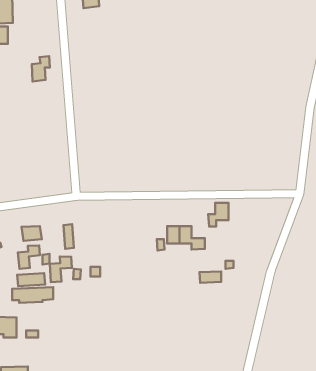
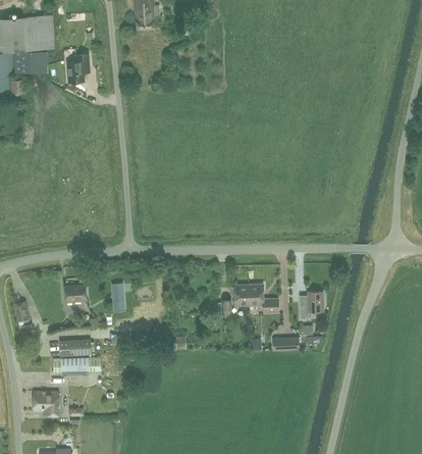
building: [32,56,50,82] -> [67,52,89,82]
building: [208,203,228,226] -> [300,290,323,317]
building: [18,245,40,269] -> none
building: [50,257,72,282] -> none

